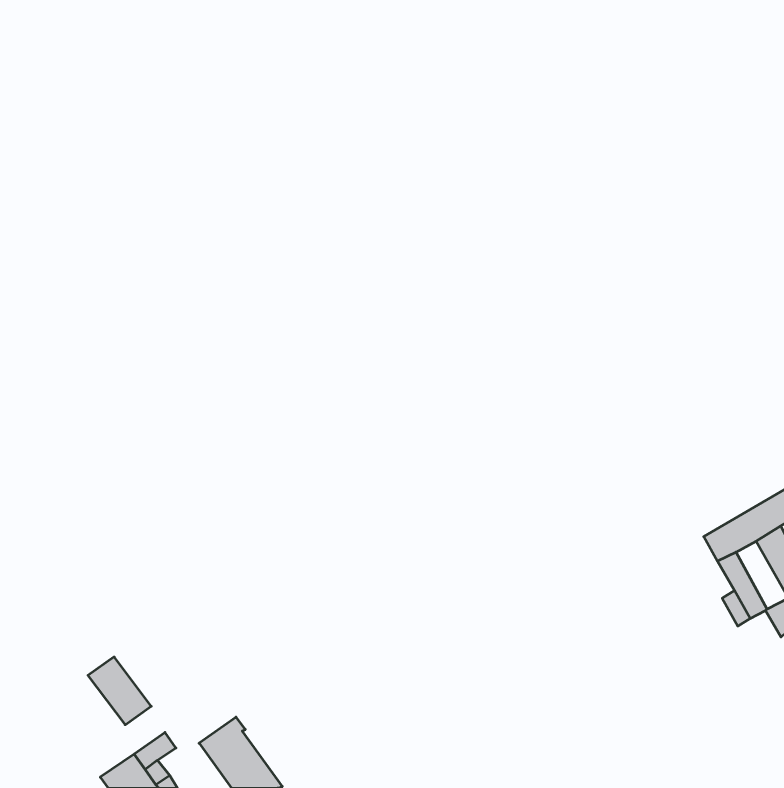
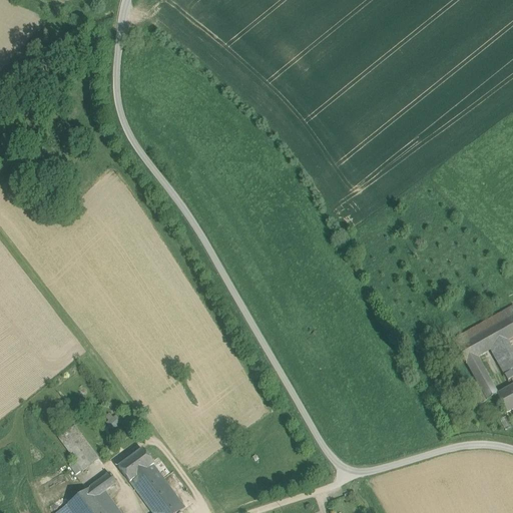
building: none -> [121,451,156,484]

